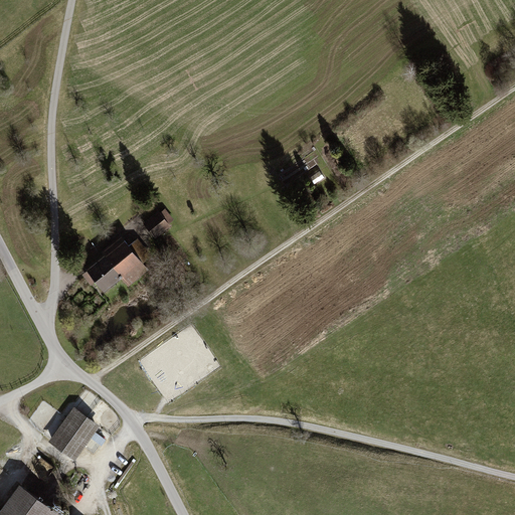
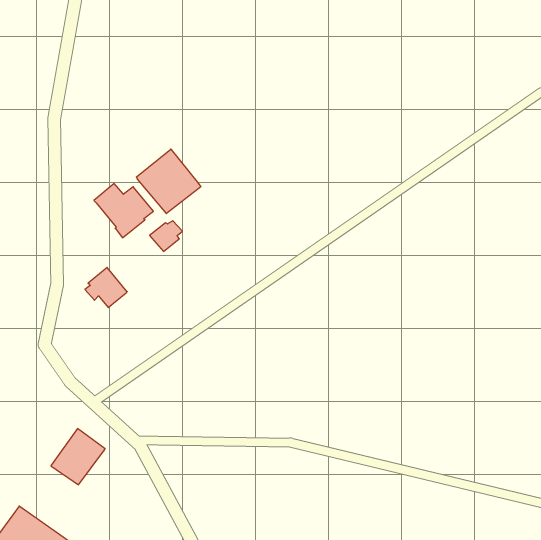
building: none -> [136,149,201,214]
building: [100,237,156,289] -> [94,184,153,238]

